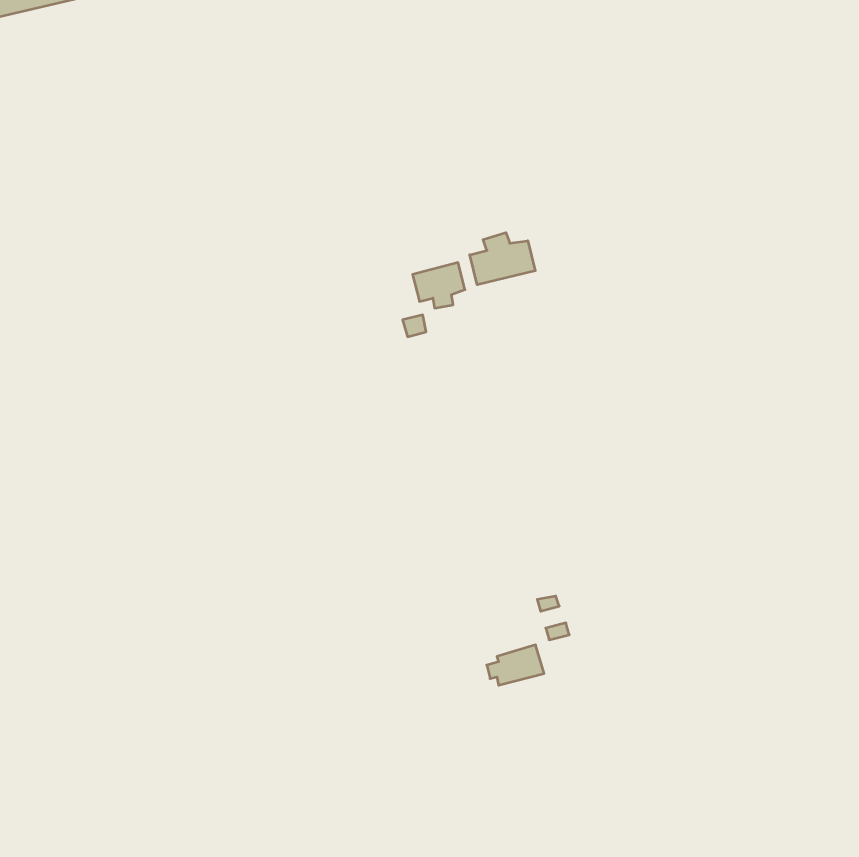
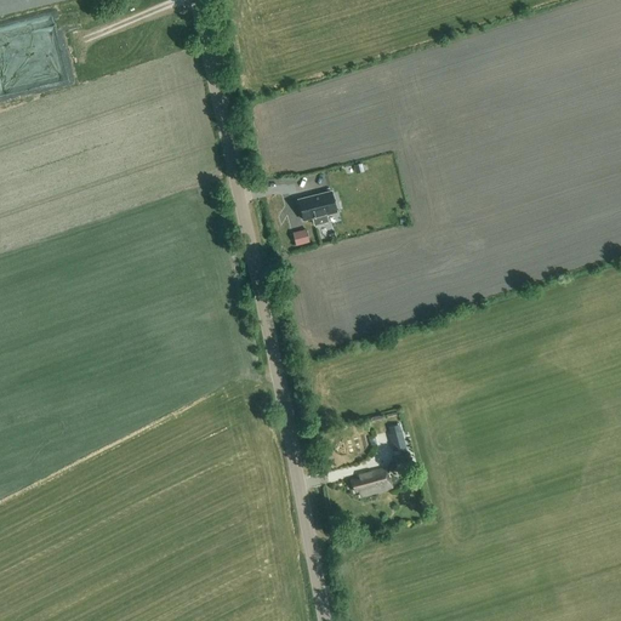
building: [470,233,535,285] -> none

